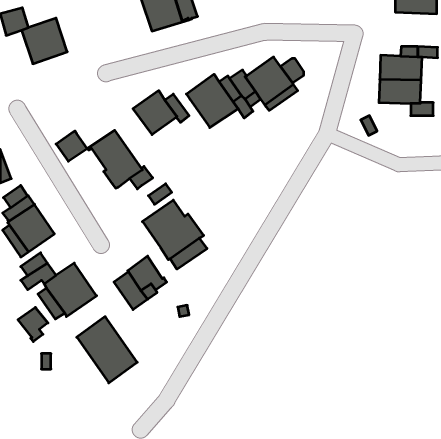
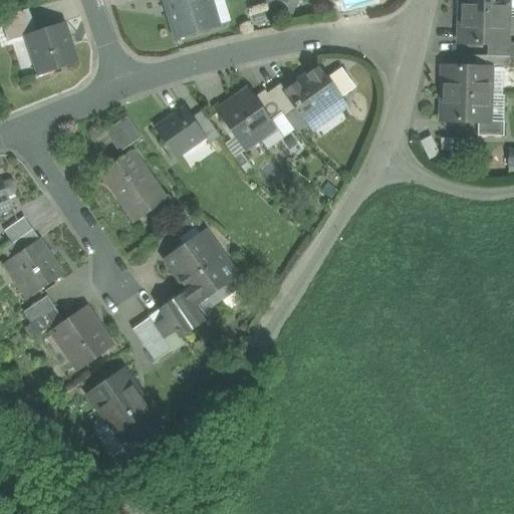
building: none -> [459,14,508,43]
building: [56,131,87,161] -> [105,115,142,151]
building: none -> [172,288,206,324]
building: [18,307,48,342] -> none

